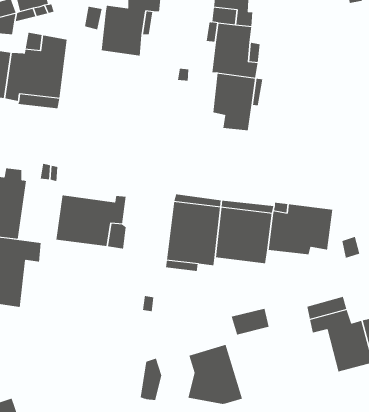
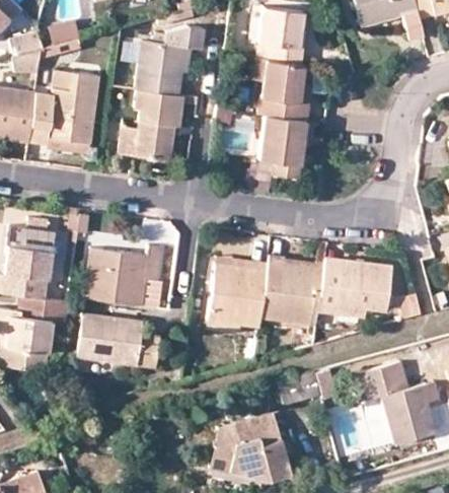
building: none -> [120,89,183,157]
building: none -> [81,319,162,370]
building: [140,358,162,400] -> [214,424,238,471]

